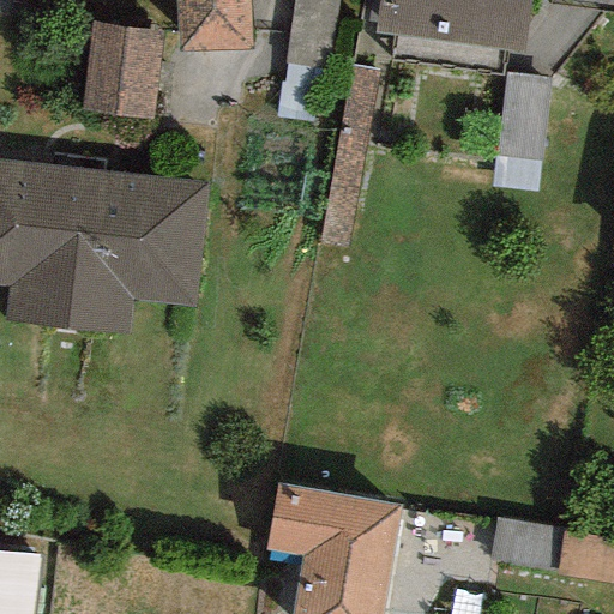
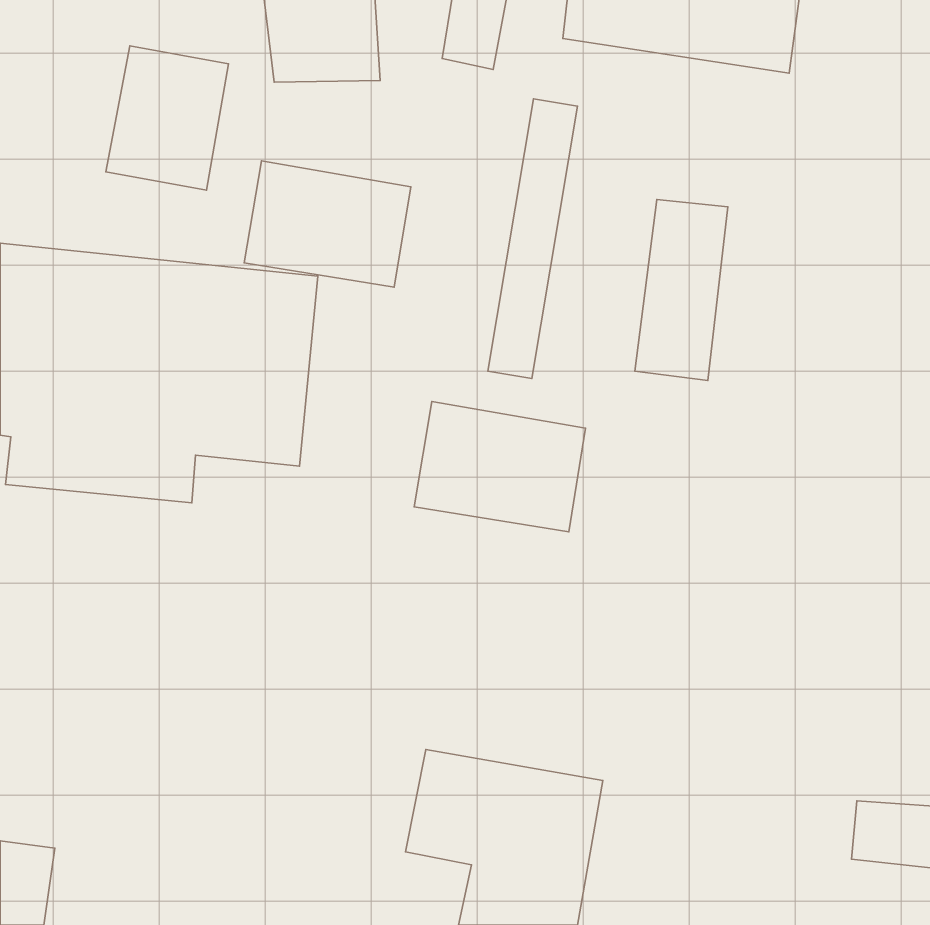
building: [489,72,550,191] -> [635,199,728,380]
building: none -> [244,161,411,287]
building: none -> [414,401,586,532]

